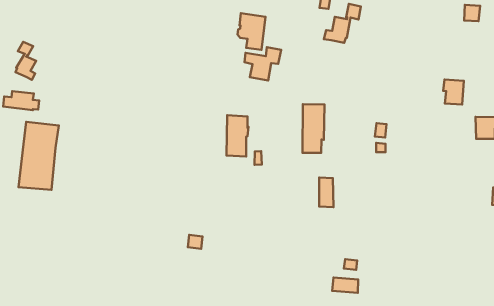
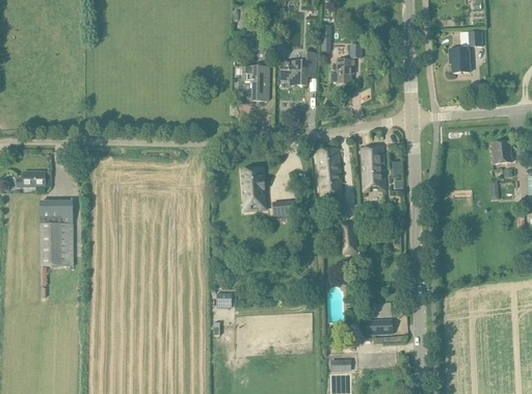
building: [16,42,36,80] -> none
building: [244,47,281,80] -> [281,52,316,85]
building: [443,80,464,104] -> [449,47,470,72]
building: none -> [361,146,385,190]

